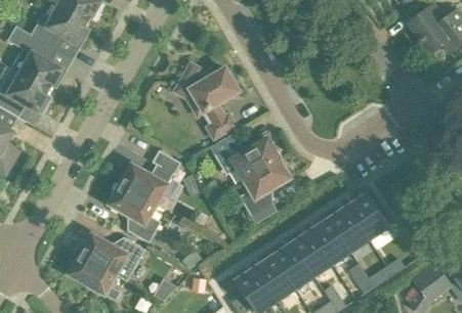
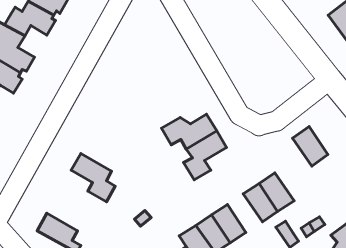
building: [172,60,241,140] -> none
building: [120,150,179,205] -> none
building: [346,193,387,239] -> [293,127,328,166]
building: [291,231,332,276] -> none
building: [80,234,144,280] -> none

